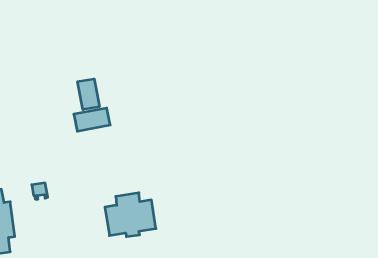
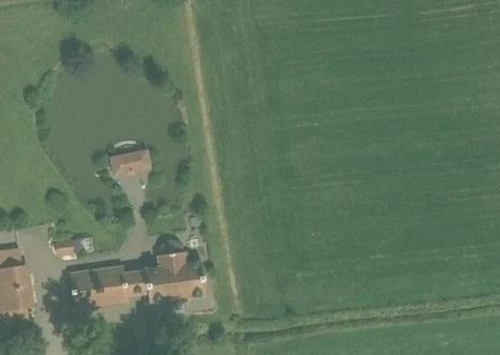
building: [78,79,99,110] -> none
building: none -> [69,265,125,301]

